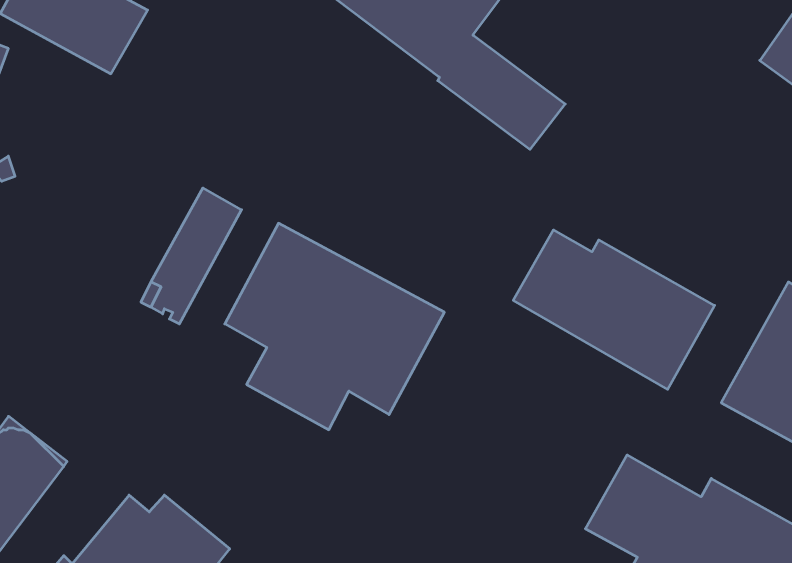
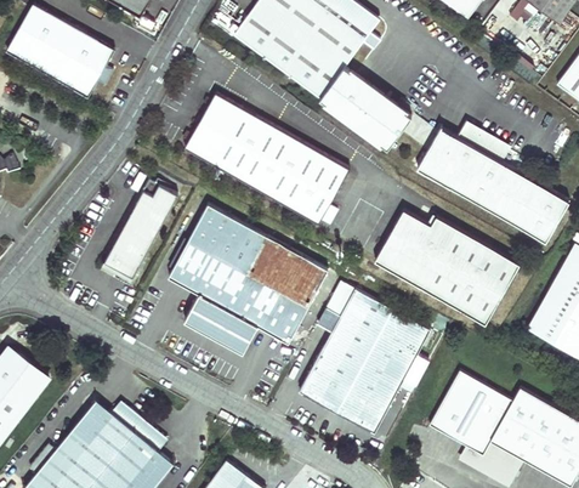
building: none -> [185,92,351,225]
building: none -> [418,125,571,243]
building: none -> [297,282,428,432]

